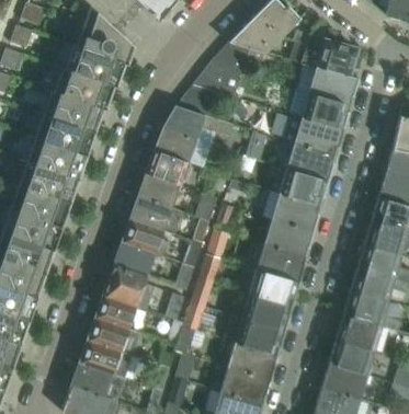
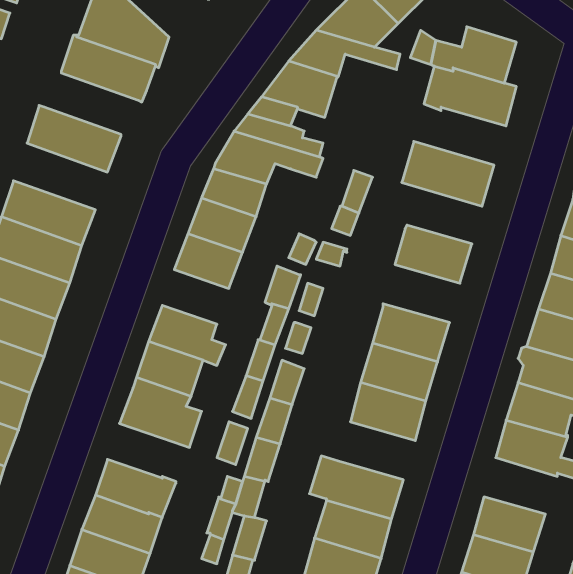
building: [54,67,114,111] -> none
building: [291,89,350,128] -> none
building: [34,114,94,157] -> none
building: [280,139,334,179] -> none
building: [263,189,320,229] -> none
building: [129,195,182,233] -> none
building: [242,292,292,330] -> none
building: [94,294,137,329] -> none
building: [336,315,383,352] -> none

